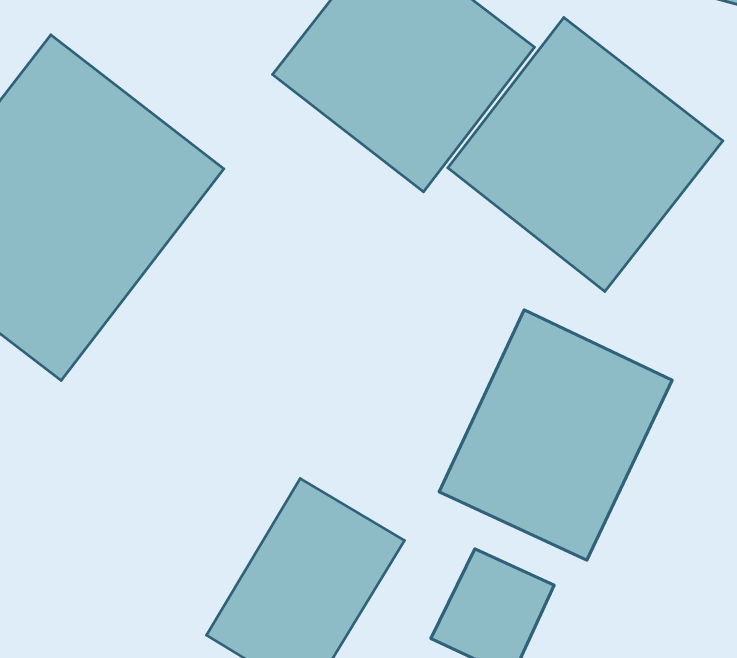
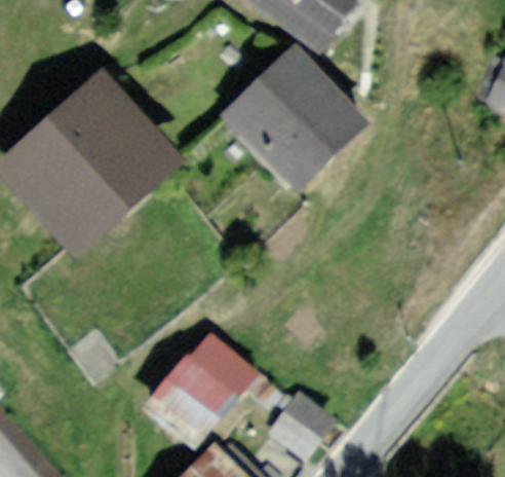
building: [448,17,723,291] -> none
building: [439,310,672,560] -> none

